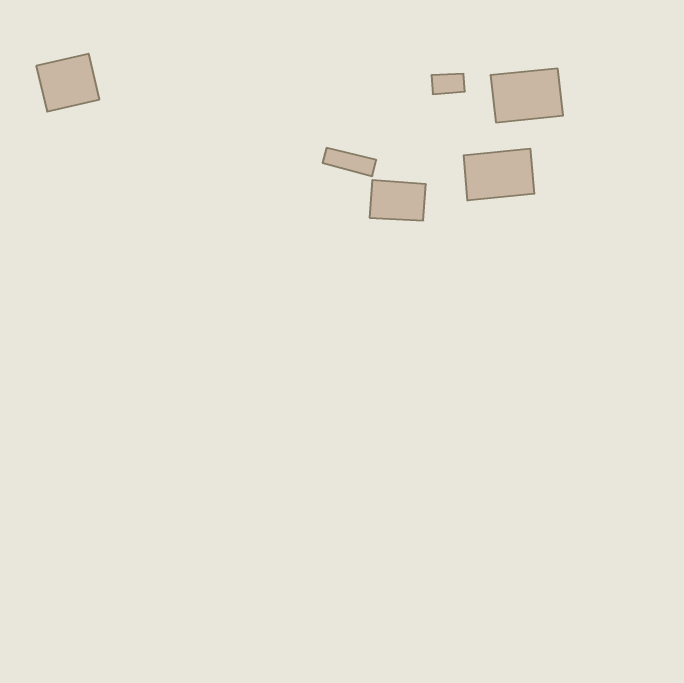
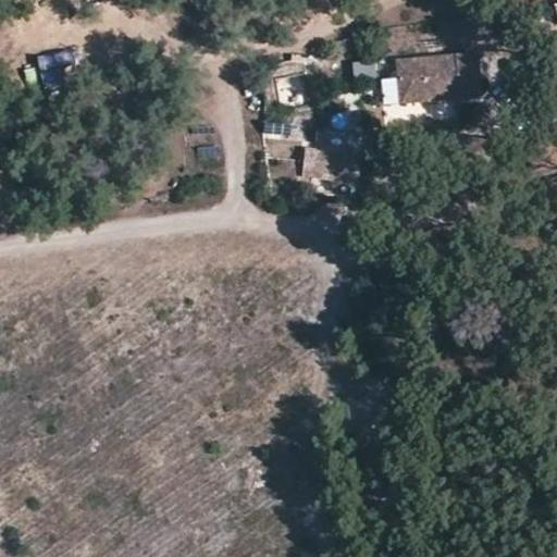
building: [464,149,534,201] -> none

